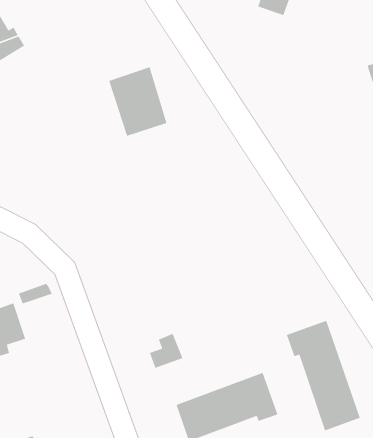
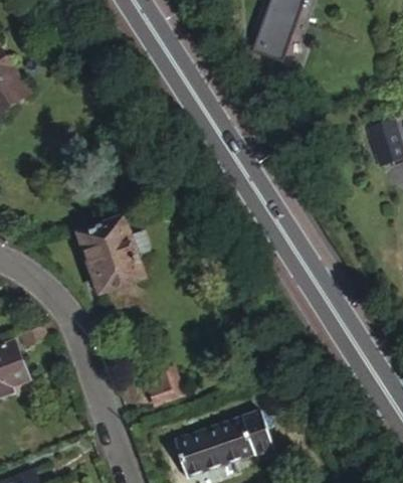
building: [108,66,168,137] -> [80,218,139,288]
building: [286,320,361,431] -> none

